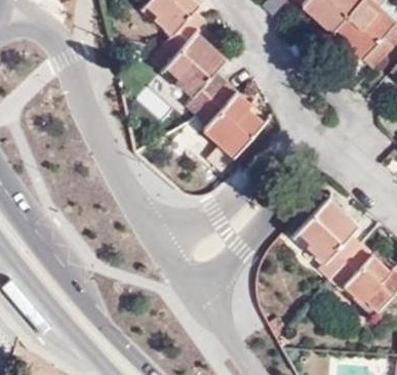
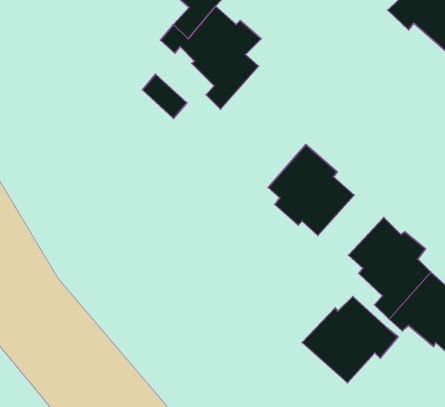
building: [197,83,265,155] -> [268,144,354,236]
building: none -> [302,297,398,383]

